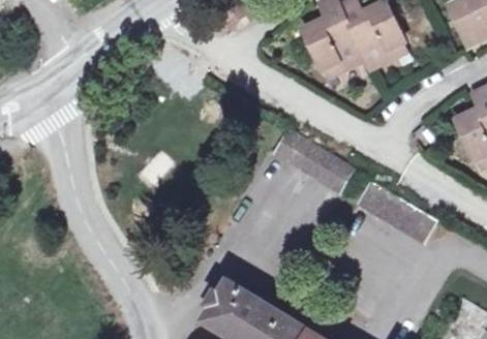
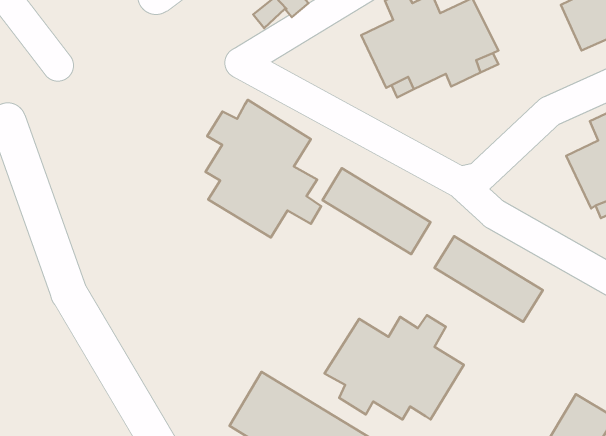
building: none -> [205,100,321,238]
building: none -> [325,315,464,420]

